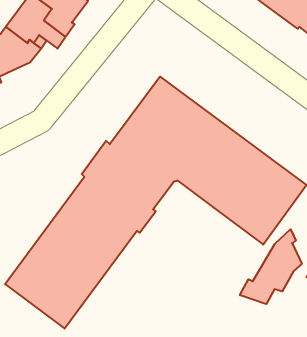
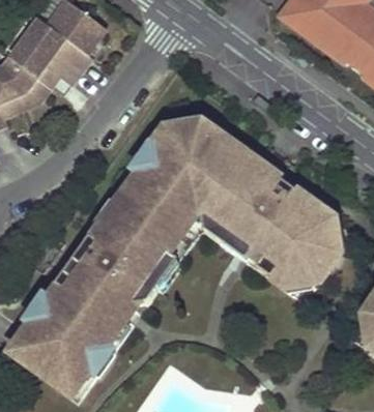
building: [240,229,302,304] -> none

